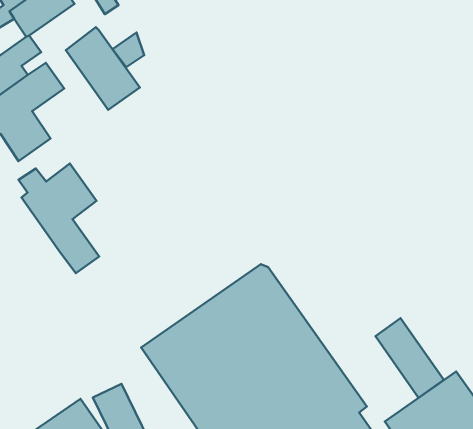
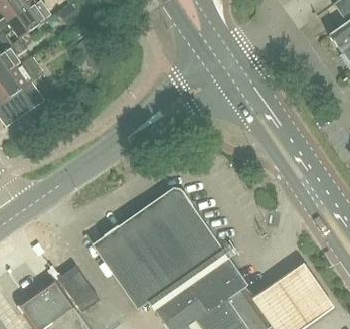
building: [66,27,140,110] -> none
building: [19,163,99,273] -> none
building: [375,318,444,398] -> none

